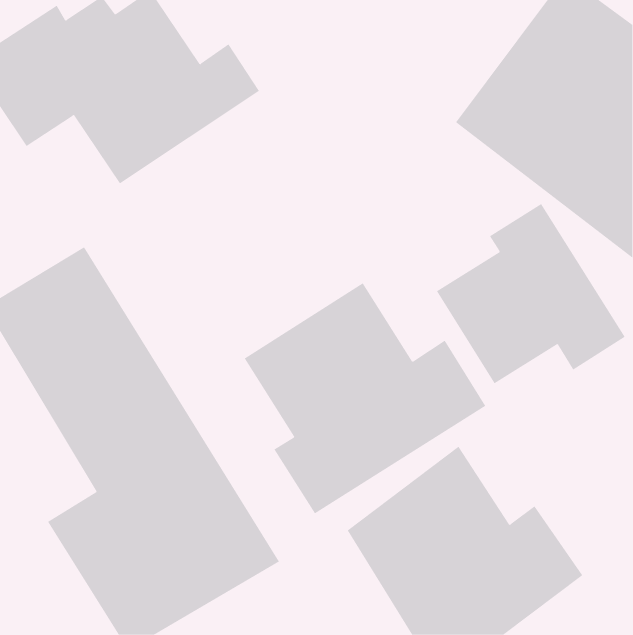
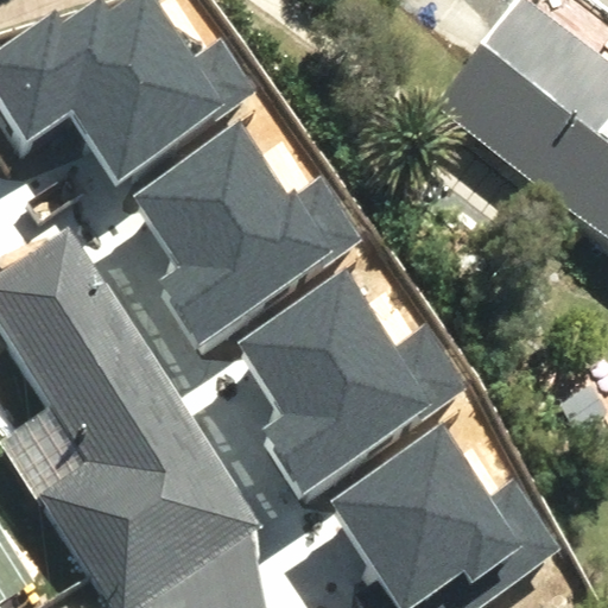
building: none -> [129,124,356,346]
building: [436,203,626,384] -> none

